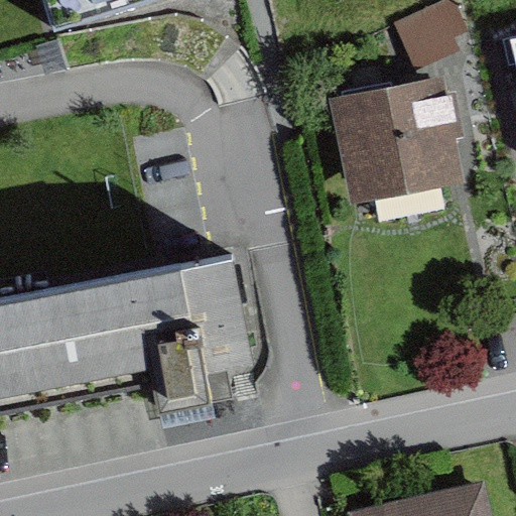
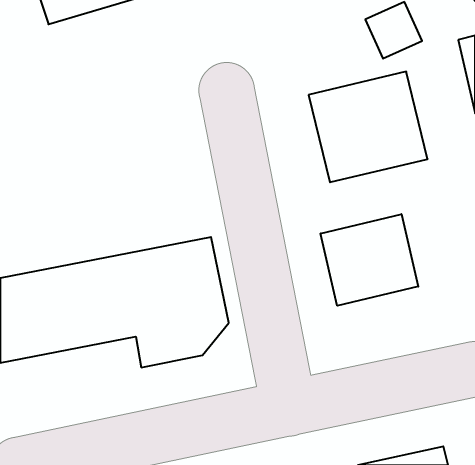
building: none -> [321,214,418,306]

